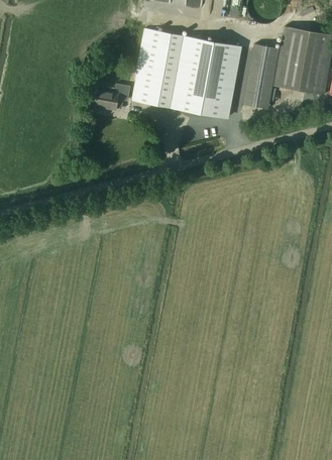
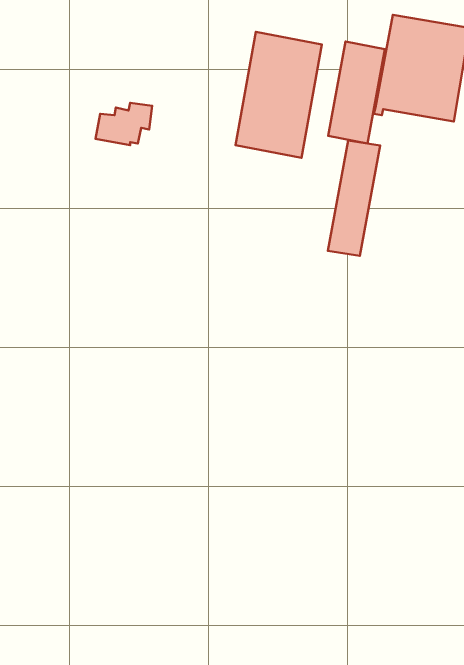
building: [131,29,197,111] -> none
building: none -> [328,141,380,256]

